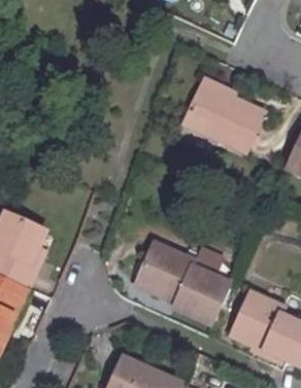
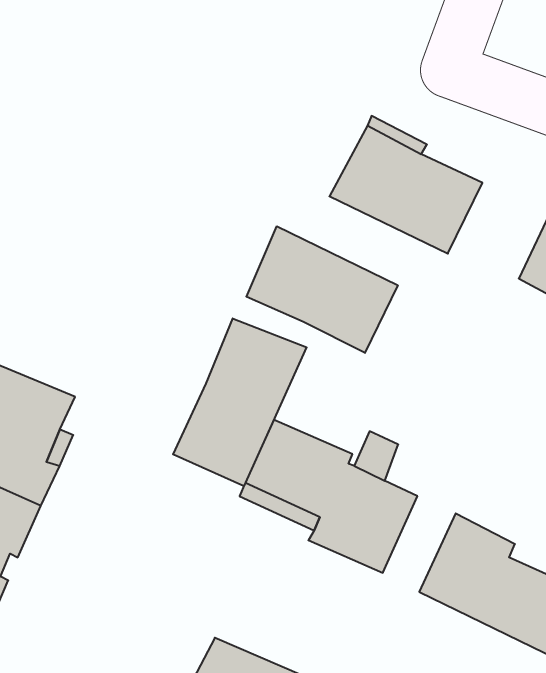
building: none -> [246,226,398,353]
building: none -> [173,318,307,486]

